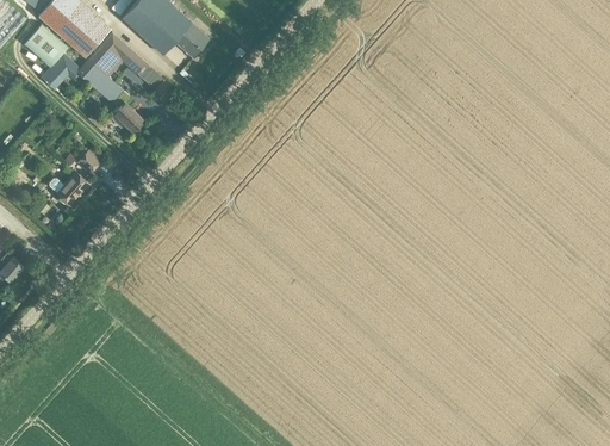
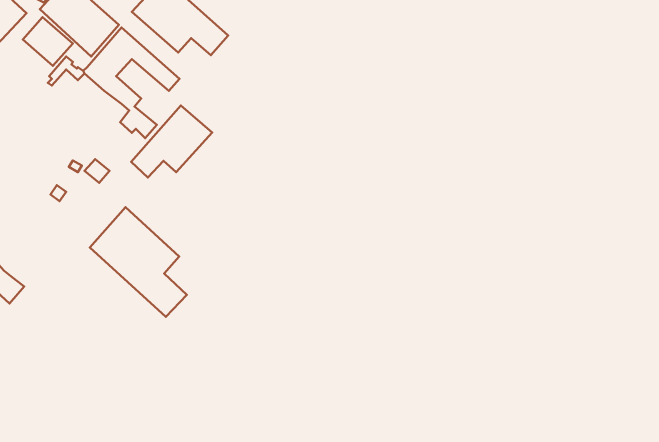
building: none -> [131,106,212,177]
building: [58,173,89,206] -> none
building: none -> [90,207,187,317]

